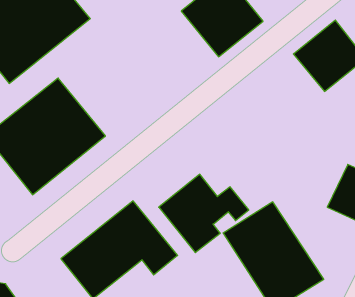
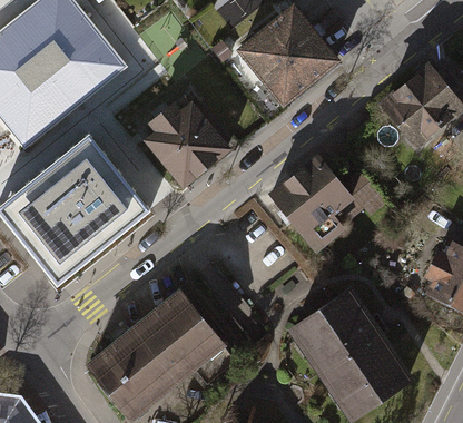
building: none -> [144,99,226,181]
building: [159,174,249,253] -> [272,159,384,257]

